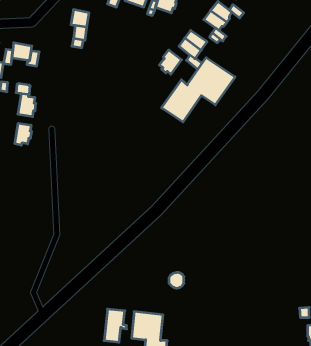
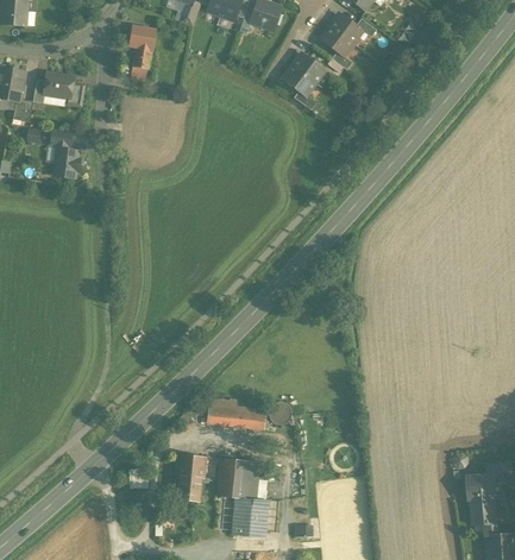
building: [159,50,182,74] -> none
building: [162,58,235,122] -> none
building: [15,123,32,145] -> none
building: none -> [207,404,266,428]

